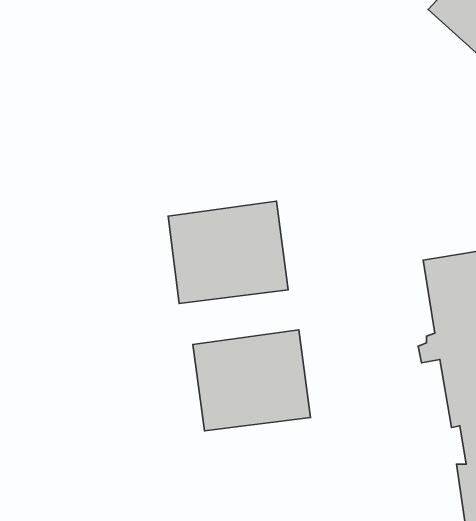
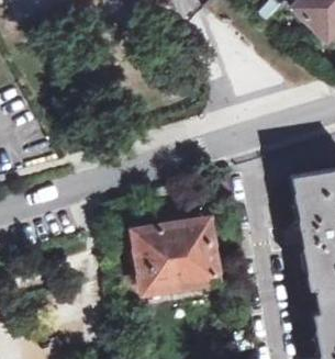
building: [168,201,288,303] -> none

